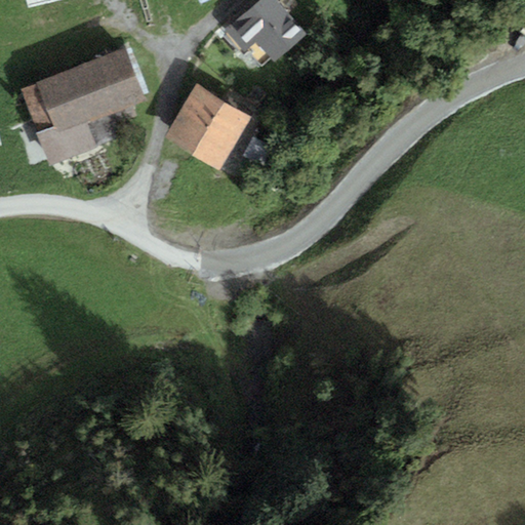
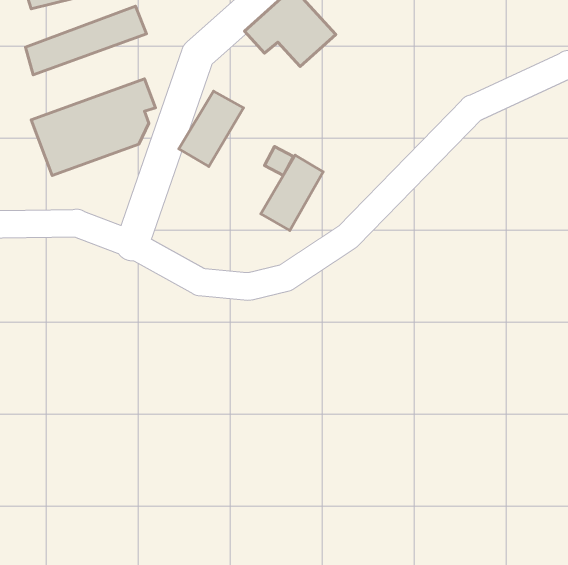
building: [22,47,133,111] -> [25,6,146,75]
building: [193,99,250,169] -> [261,155,323,231]

